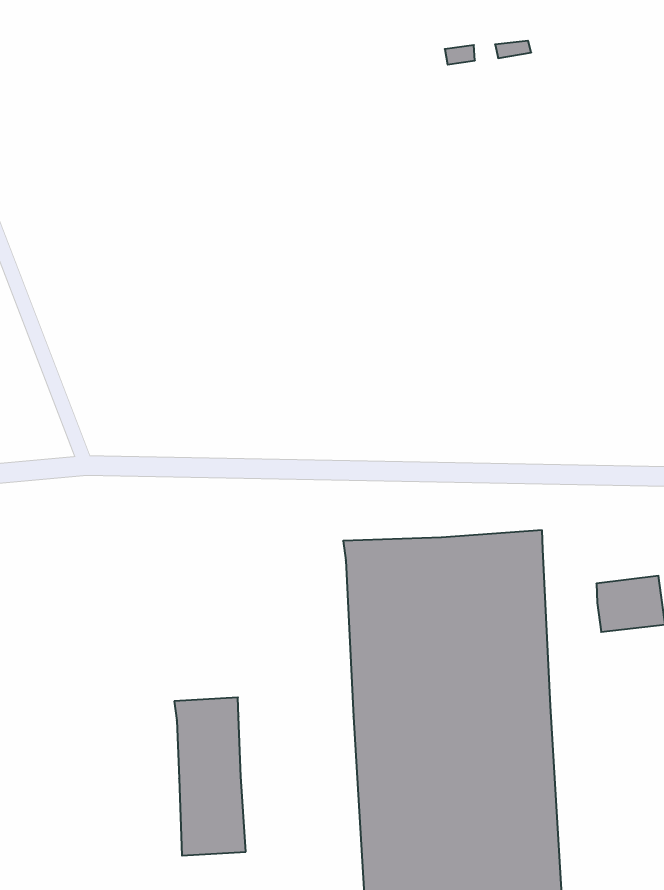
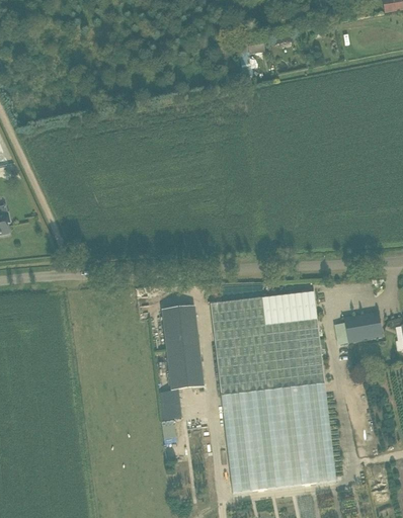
building: [174,697,246,856] -> [160,305,203,390]

